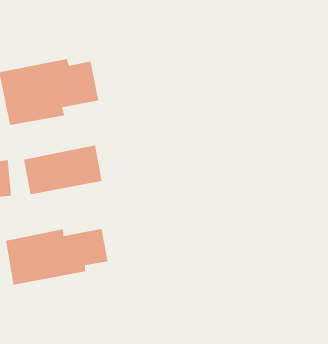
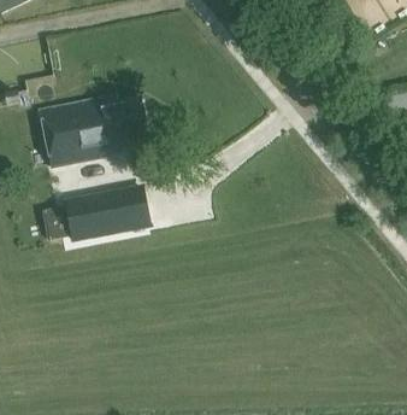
building: [5,228,108,285] -> none

